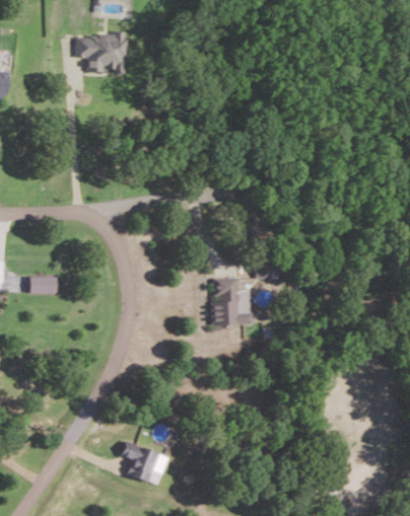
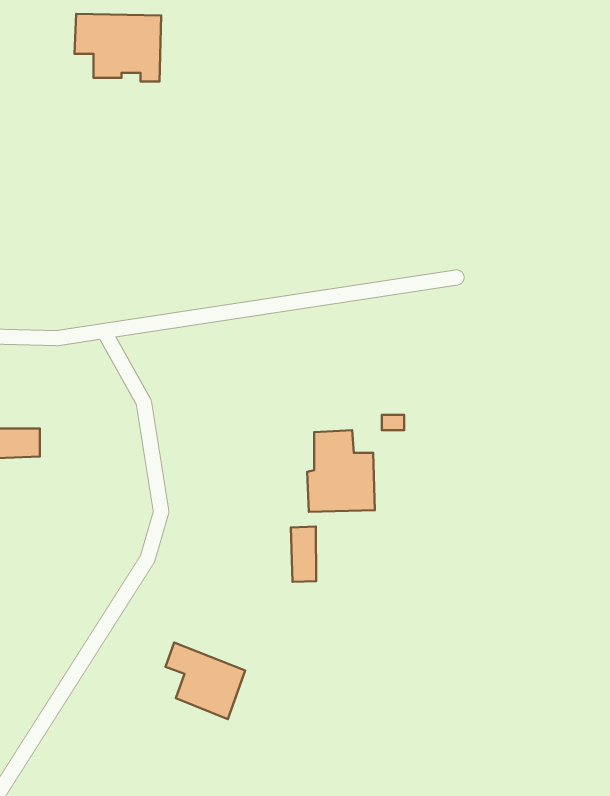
building: none -> [291,527,316,582]
building: [121,441,167,486] -> [165,643,245,719]

